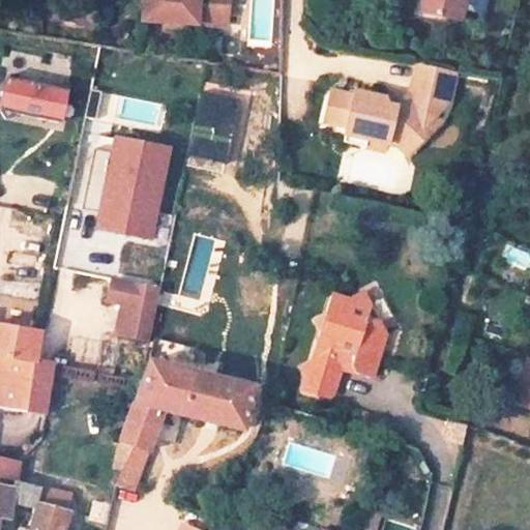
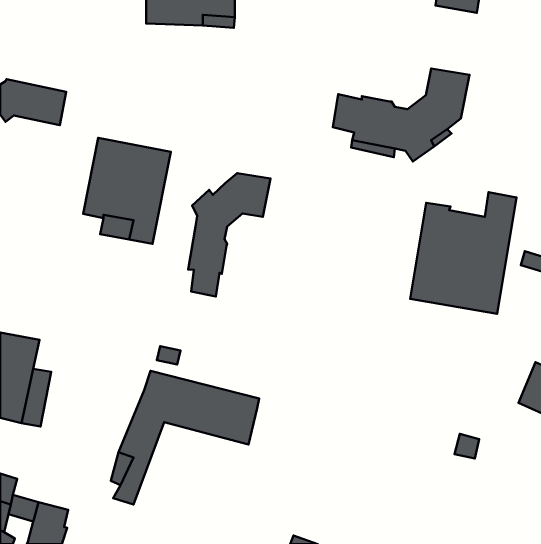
building: none -> [188,173,270,297]
building: none -> [410,192,516,314]
building: [112,279,165,340] -> none
building: [296,292,375,396] -> none

